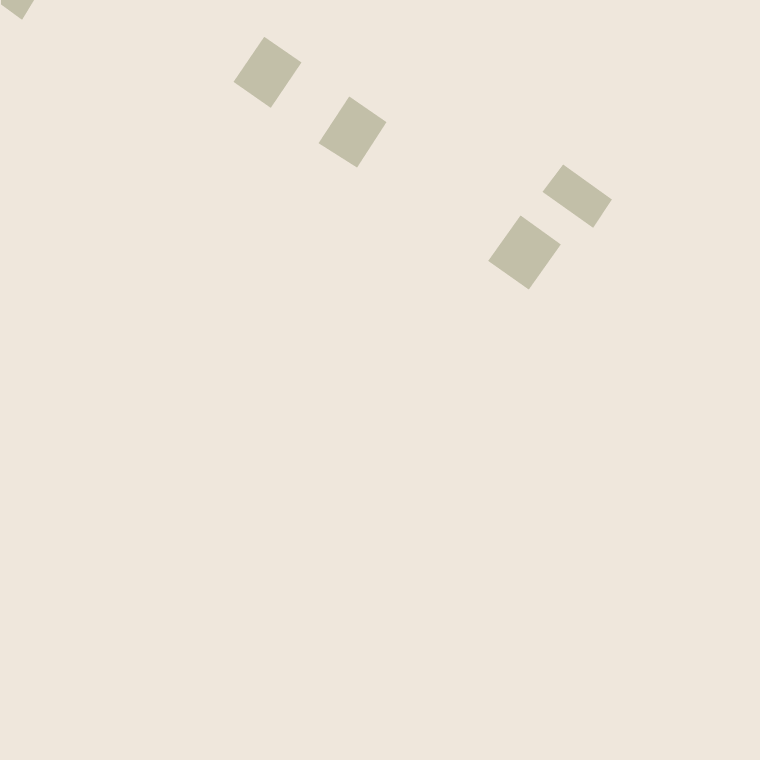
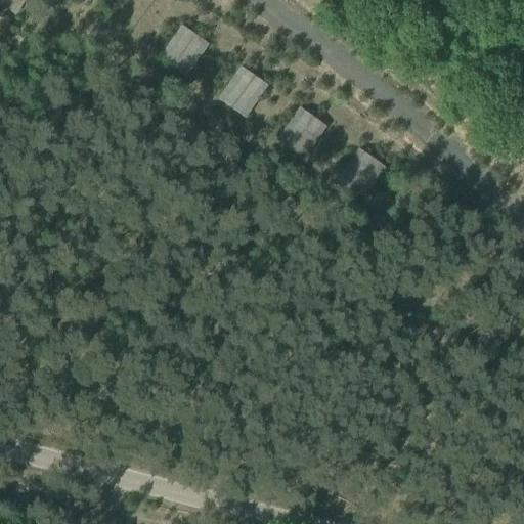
building: none -> [277,106,328,158]
building: [542,163,613,229] -> none

